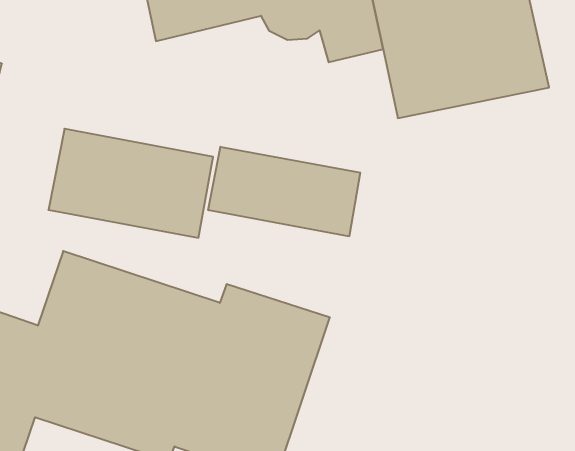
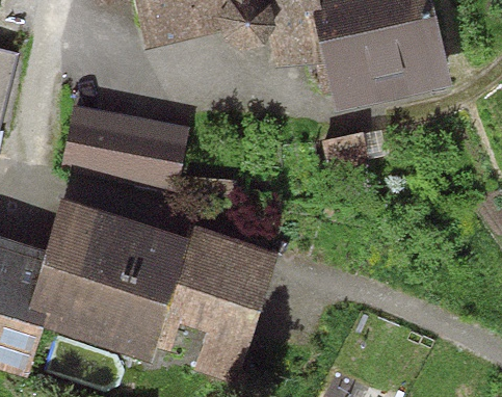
building: [208,147,360,236] -> none

